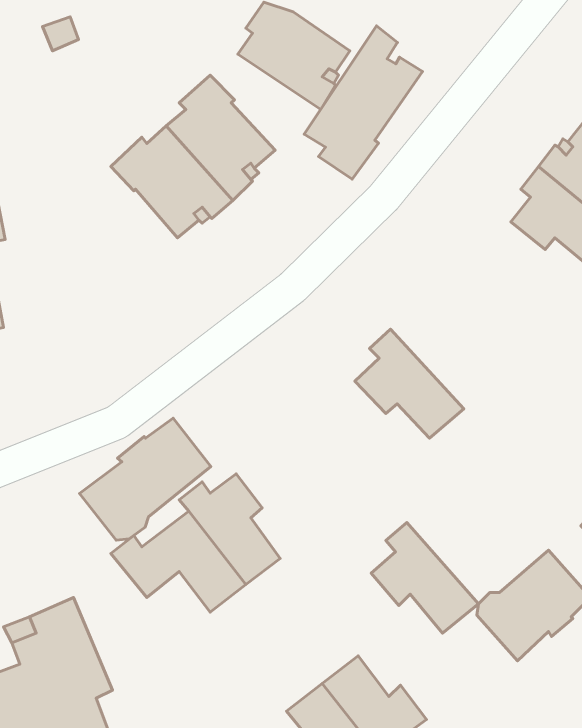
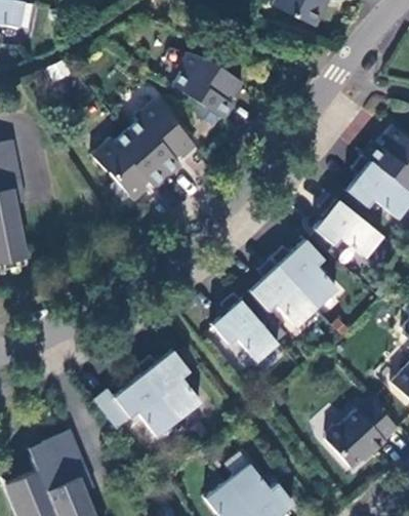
building: [304,26,422,179] -> none
building: none -> [314,195,383,260]
building: none -> [271,240,337,309]
building: [80,418,211,540] -> none
building: [371,523,478,633] -> [211,292,279,362]

